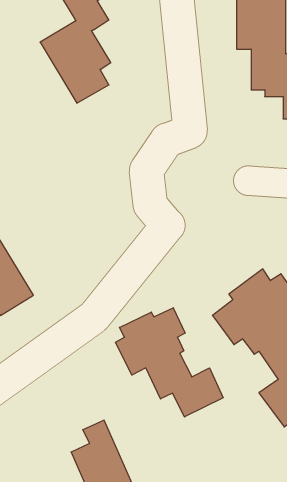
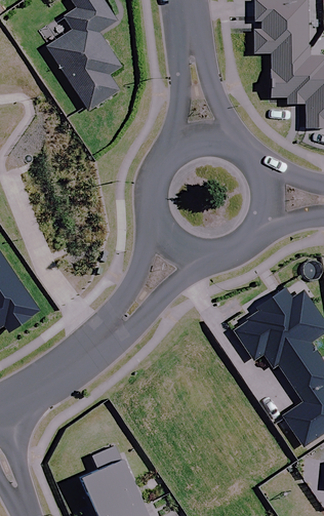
building: [115,308,223,417] -> none

